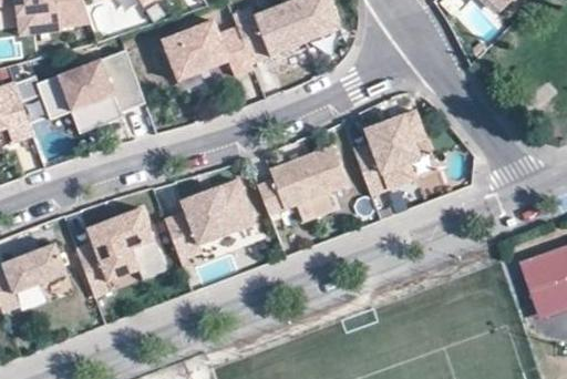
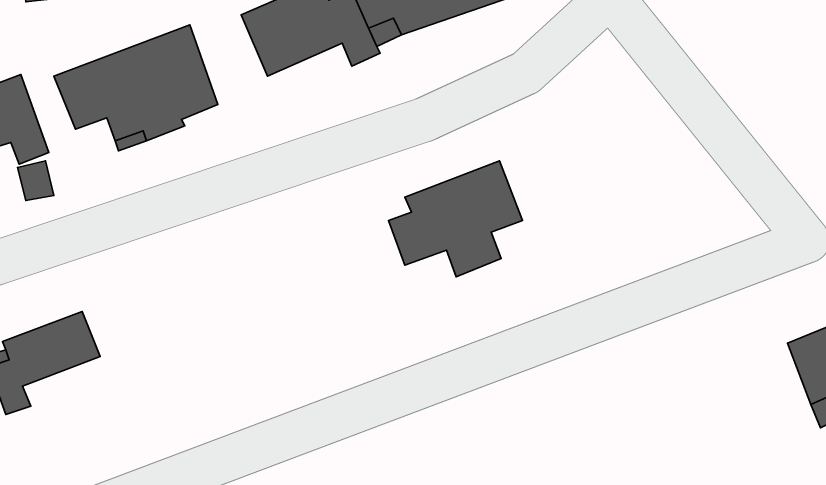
building: [358,105,430,191] -> none
building: [168,175,259,257] -> none
building: [79,205,168,294] -> none

